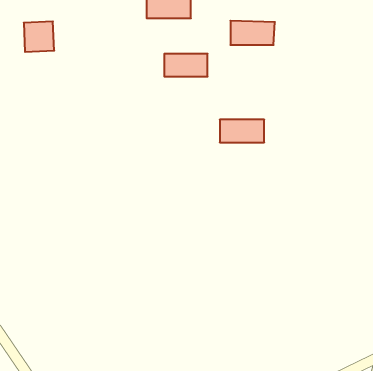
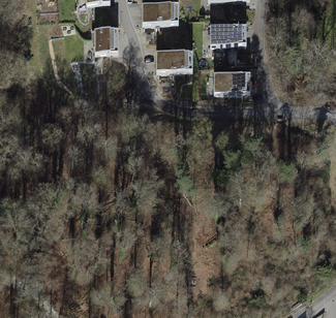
building: [24,21,54,52] -> [90,30,115,55]
building: [220,120,264,142] -> [210,75,246,94]

